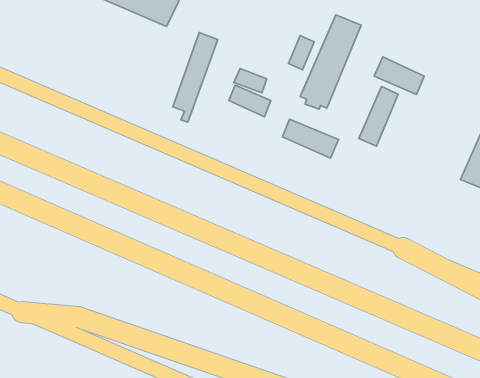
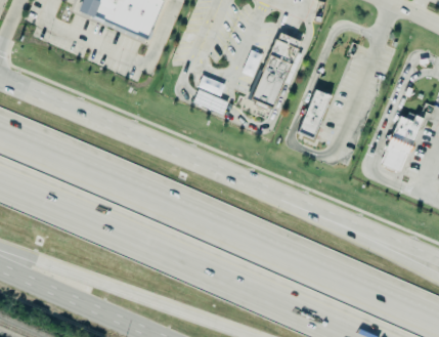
building: [173,33,218,122] -> none
building: [374,57,424,95] -> none
building: [283,119,338,158] -> none

